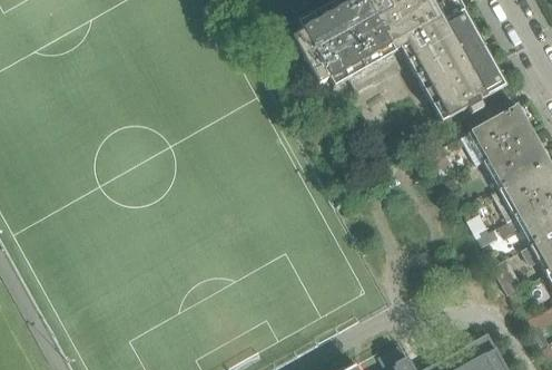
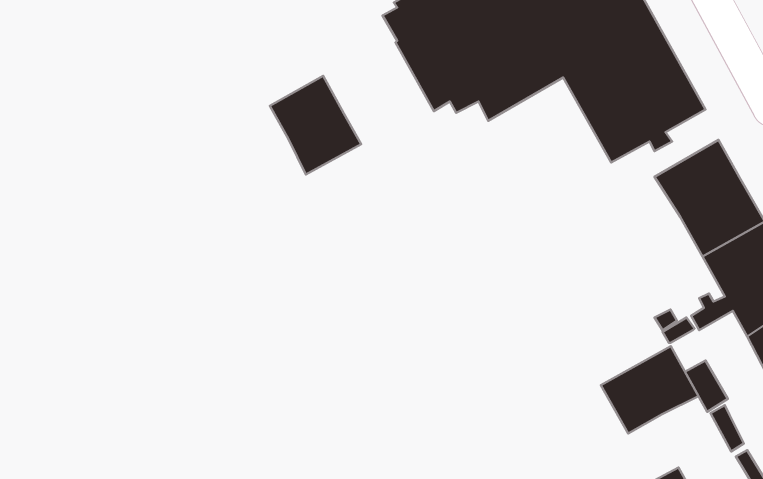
building: none -> [270,76,361,174]
building: none -> [601,346,698,434]

